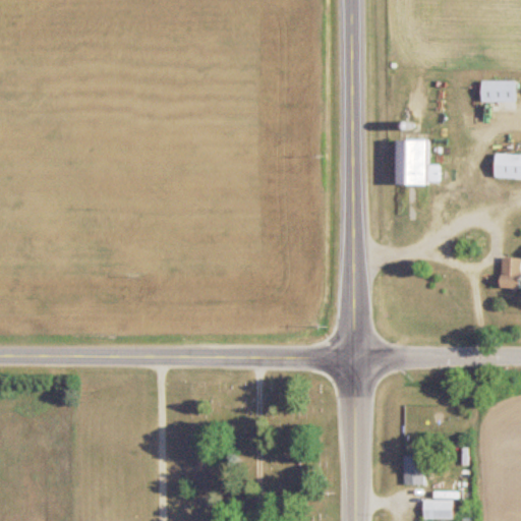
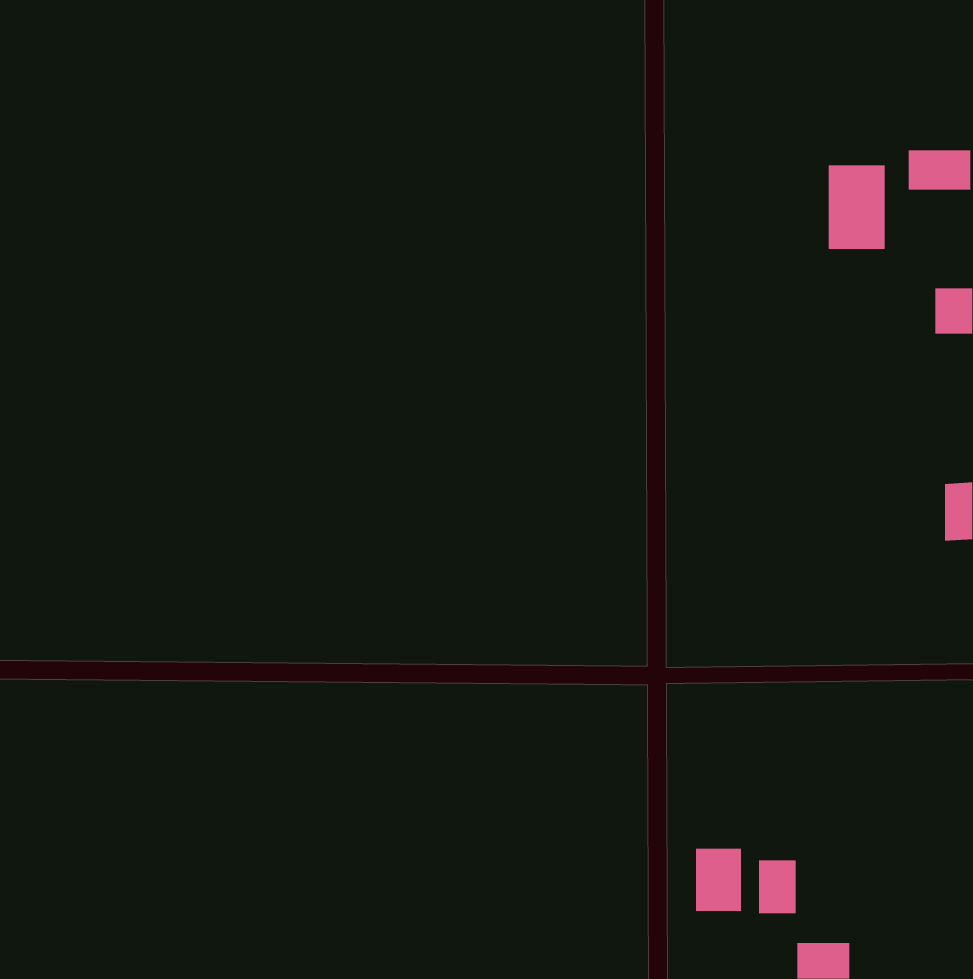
building: [398,139,428,184] -> [828,165,886,249]
building: none -> [695,848,742,912]

